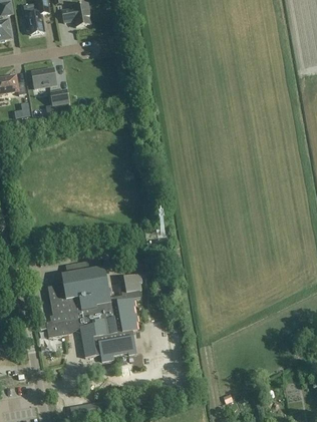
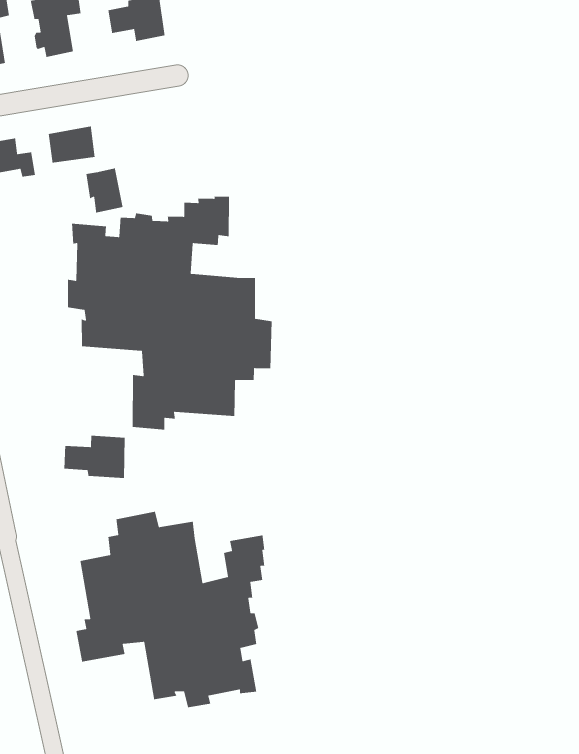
building: none -> [67,196,273,430]
building: none -> [64,435,125,479]

